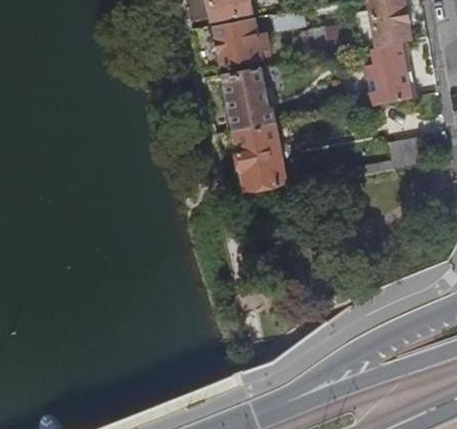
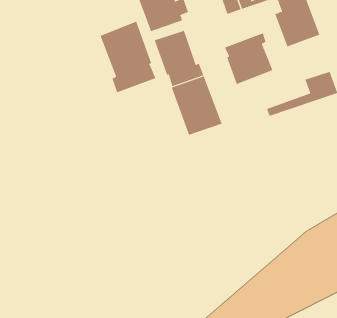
building: none -> [100,21,156,93]
building: none -> [224,33,273,85]

